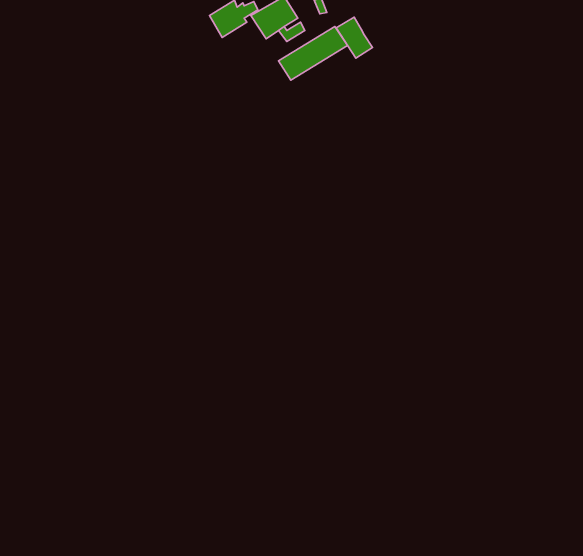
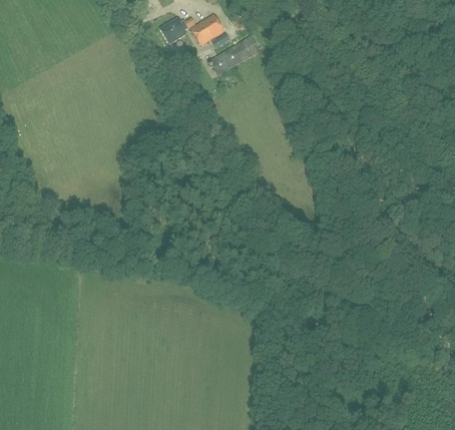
building: [336,17,372,58] -> none

